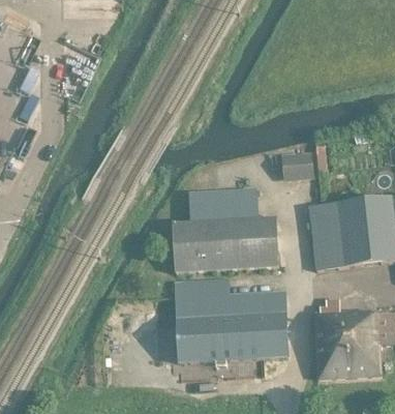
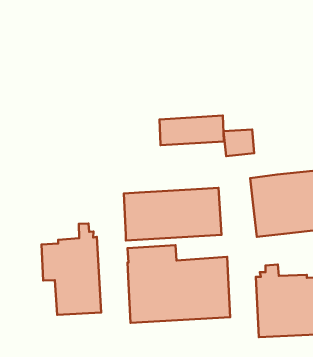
building: [188,189,257,221] -> [160,116,224,145]
building: none -> [41,224,101,315]

